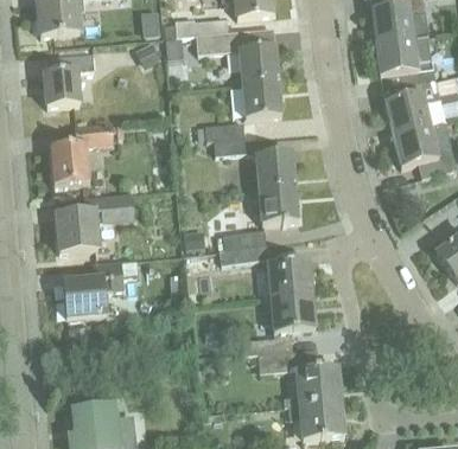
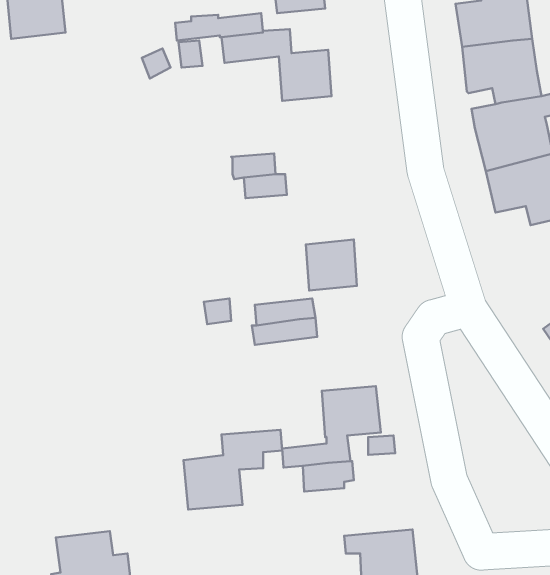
building: [43,52,94,105] -> none
building: [241,78,280,116] -> none
building: [50,123,112,185] -> none
building: [255,150,294,188] -> none
building: [56,192,134,251] -> none
building: [62,258,135,317] -> [183,430,282,509]
building: [267,258,311,297] -> none
building: [281,366,338,405] -> none

